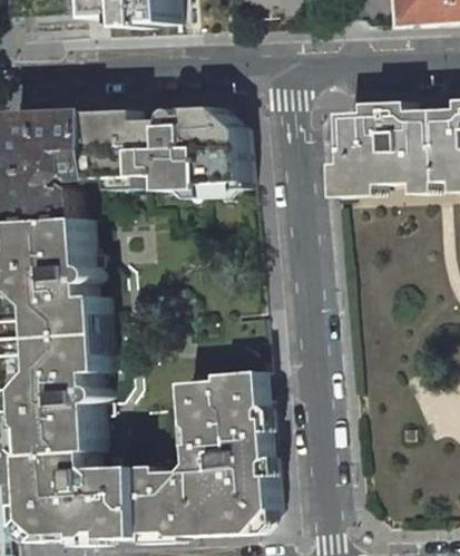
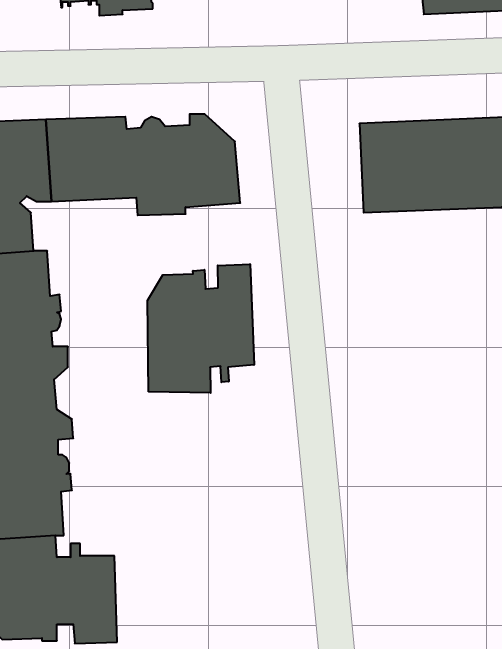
building: none -> [147,264,254,393]
building: [137,370,267,536] -> none

